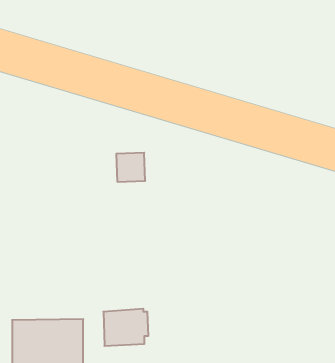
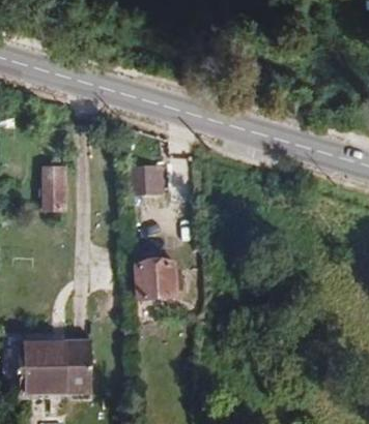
building: none -> [42,163,65,209]
building: [103,309,148,346] -> [132,263,178,301]

